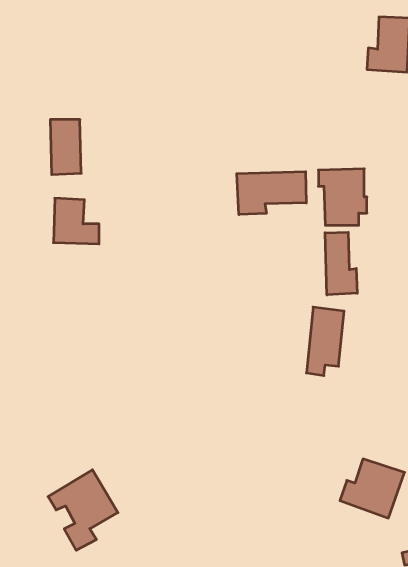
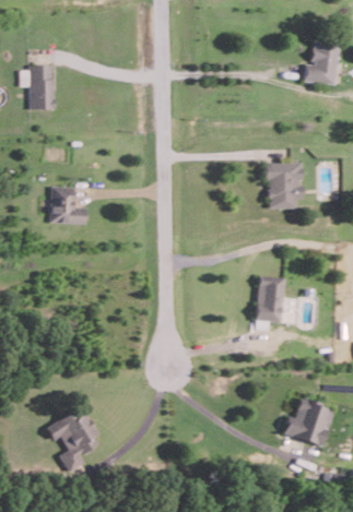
building: [50,120,81,175] -> [28,66,54,110]
building: [237,172,306,215] -> none
building: [325,232,357,295] -> none

